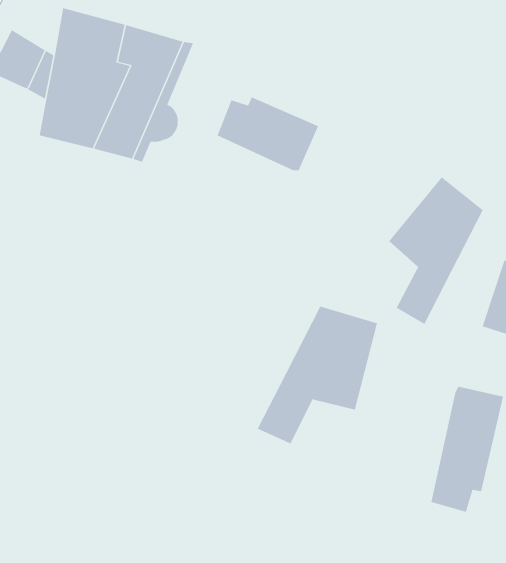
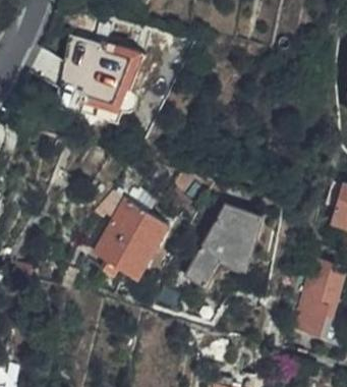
building: [217,96,319,171] -> none
building: [388,176,484,325] -> none
building: none -> [92,189,169,282]

